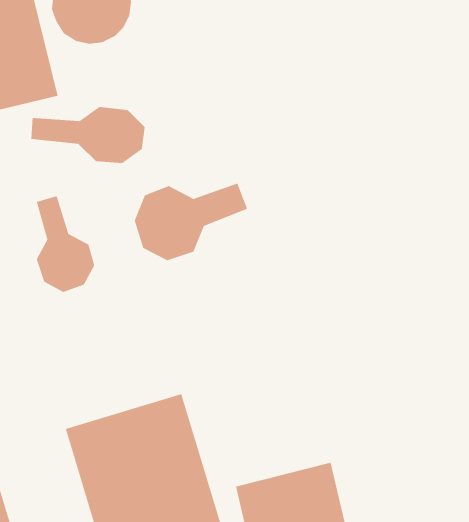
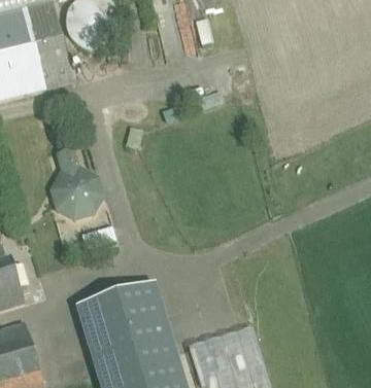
building: [31,106,146,164] -> none
building: [134,182,248,261] -> none

